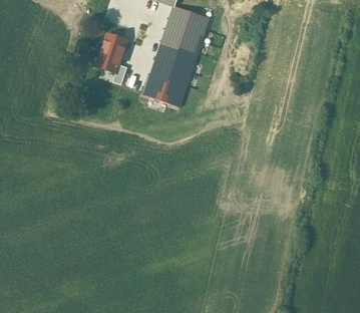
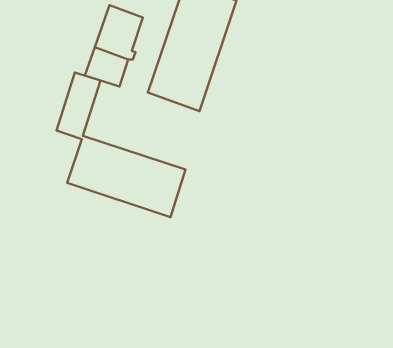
building: none -> [57,73,185,217]

